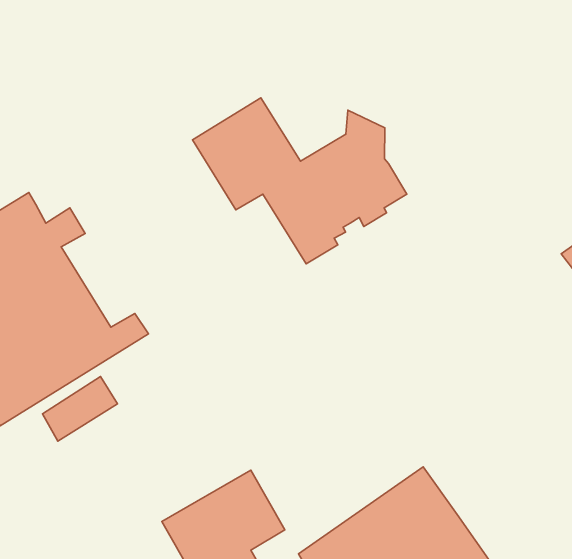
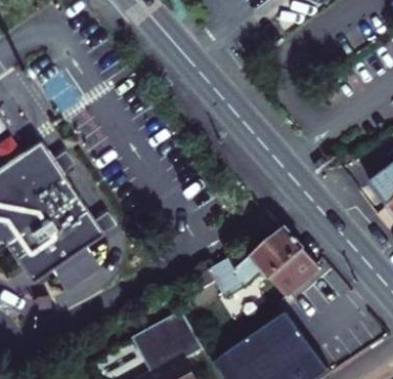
building: [193,98,407,264] -> none
building: none -> [204,224,318,297]

